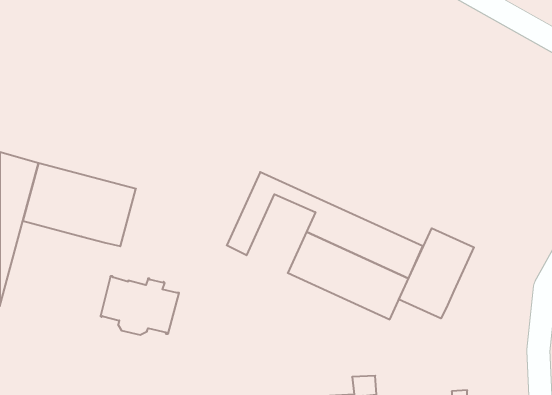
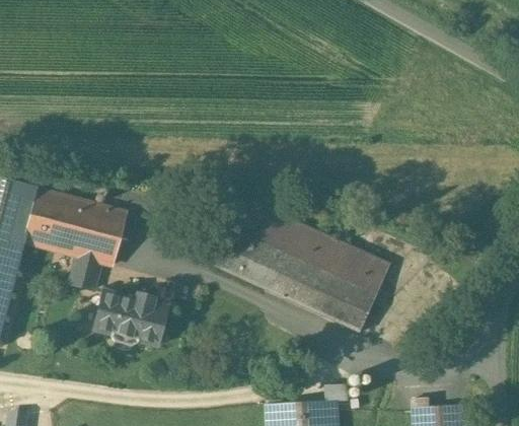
building: none -> [228,217,291,289]
building: [399,228,474,318] -> none
building: none -> [70,256,99,289]

